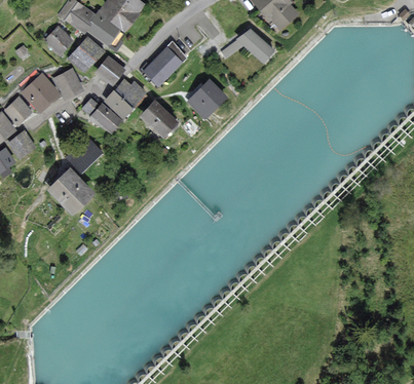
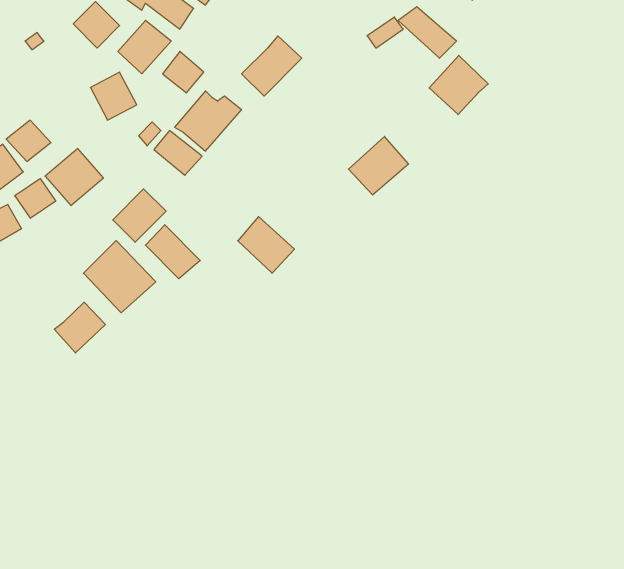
building: none -> [429,55,488,115]
building: [23,76,58,110] -> [45,149,103,205]
building: [189,82,225,117] -> [348,136,409,195]
building: [143,102,177,136] -> [238,217,294,273]
building: none -> [145,225,200,279]
building: none -> [54,302,105,353]

